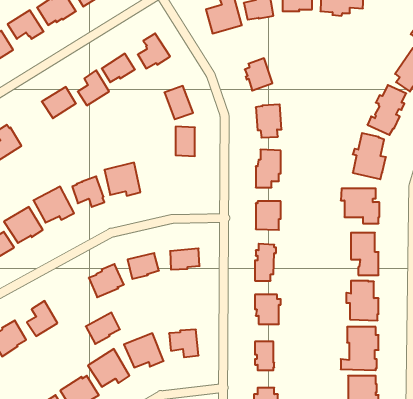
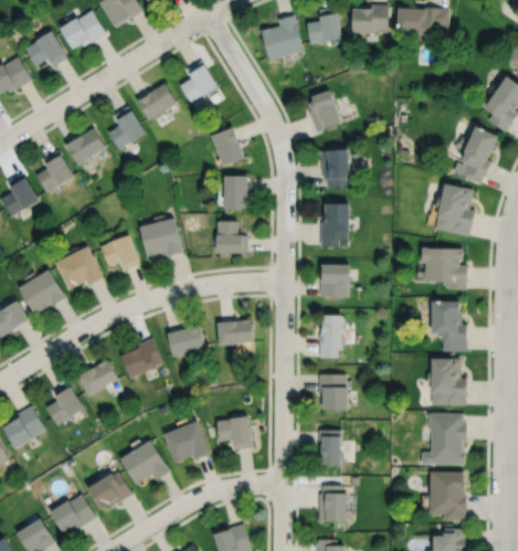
building: none -> [35,149,73,192]
building: none -> [216,220,247,252]
building: [86,313,120,344] -> [76,359,117,396]

